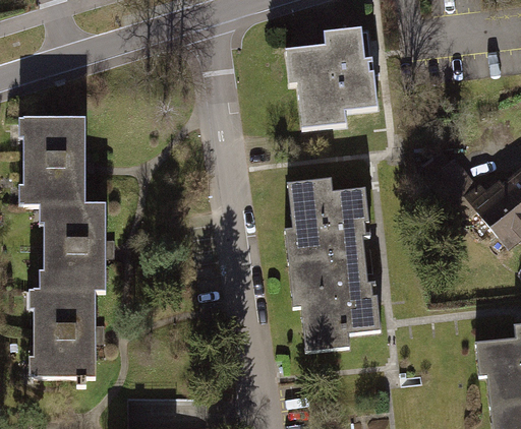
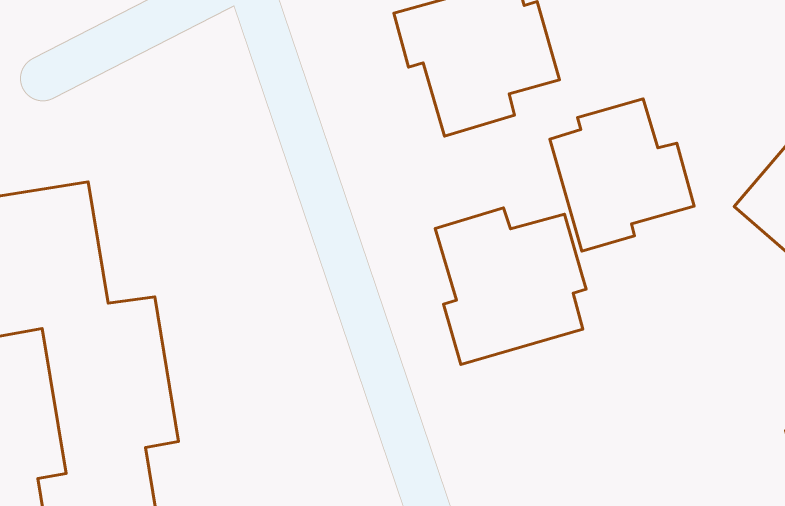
building: none -> [550,99,694,251]
building: [289,257,381,351] -> none

